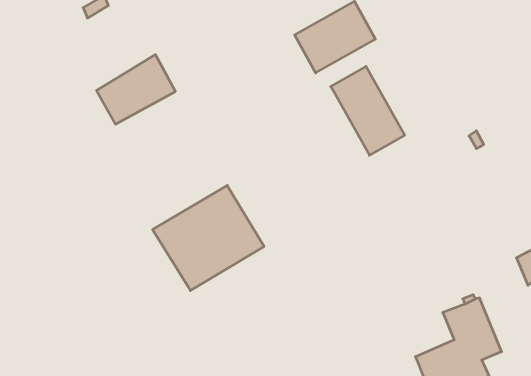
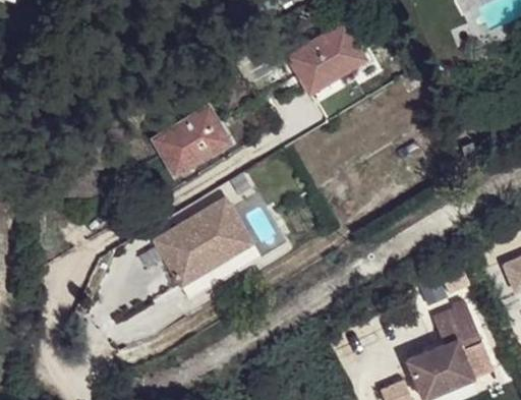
building: [97,55,175,124] -> [150,101,226,168]
building: [331,66,405,155] -> none

